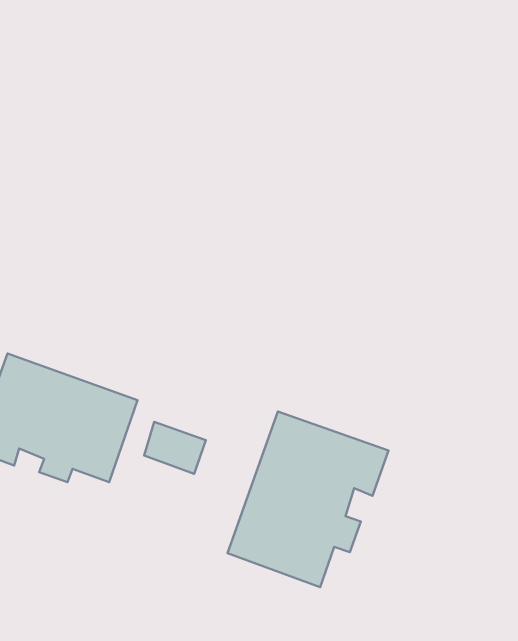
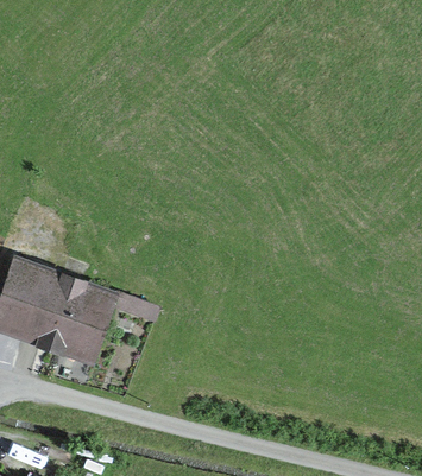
building: [228,411,389,587] -> none

